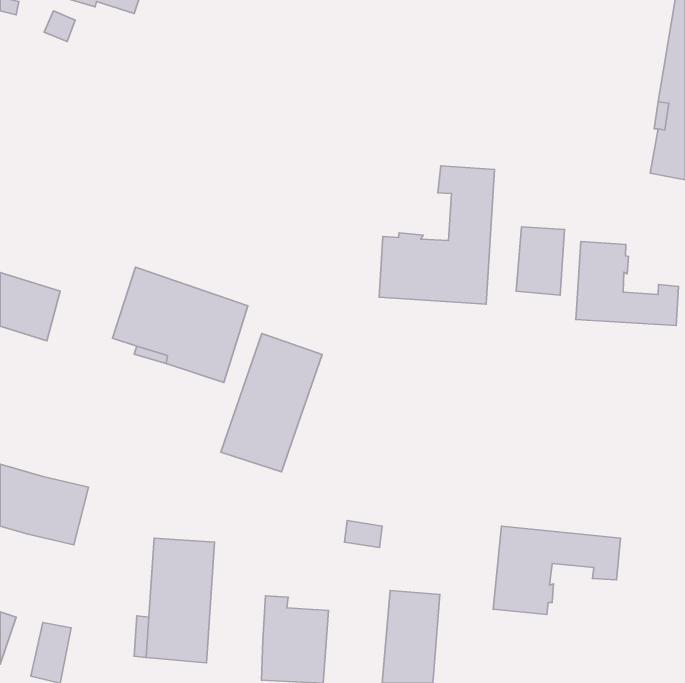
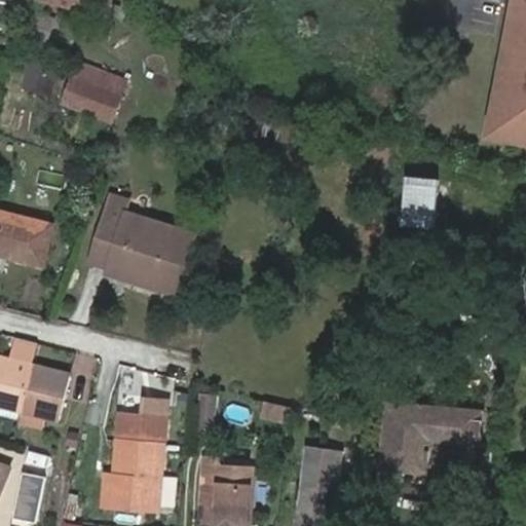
building: none -> [62,74,121,117]
building: [379,166,494,304] -> none
building: [576,242,679,325] -> none
building: [221,334,322,472] -> none

